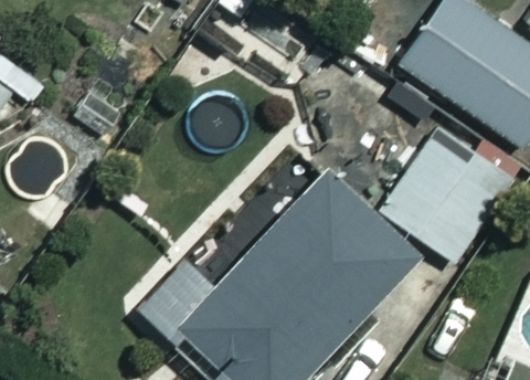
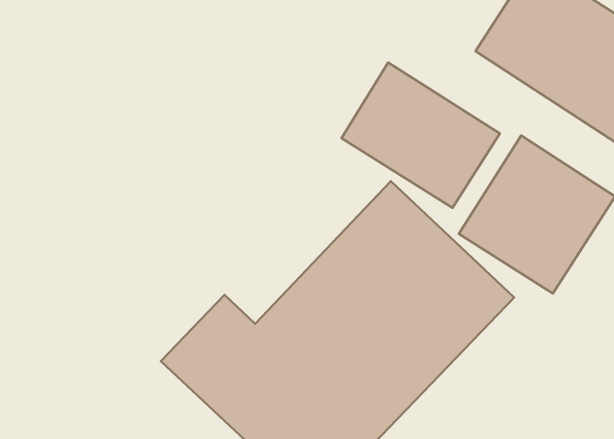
building: none -> [341,63,500,208]

